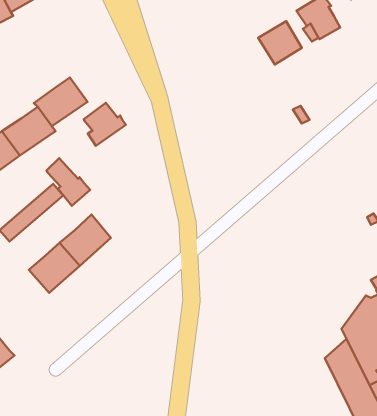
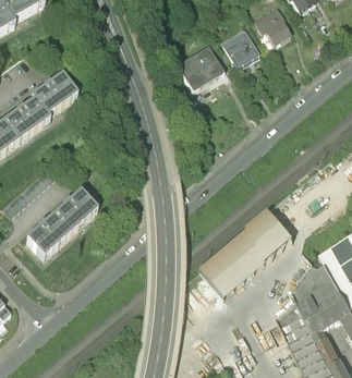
building: none -> [177,49,224,94]
building: [84,103,126,146] -> none
building: [46,158,90,206] -> none
building: none -> [197,212,293,301]

